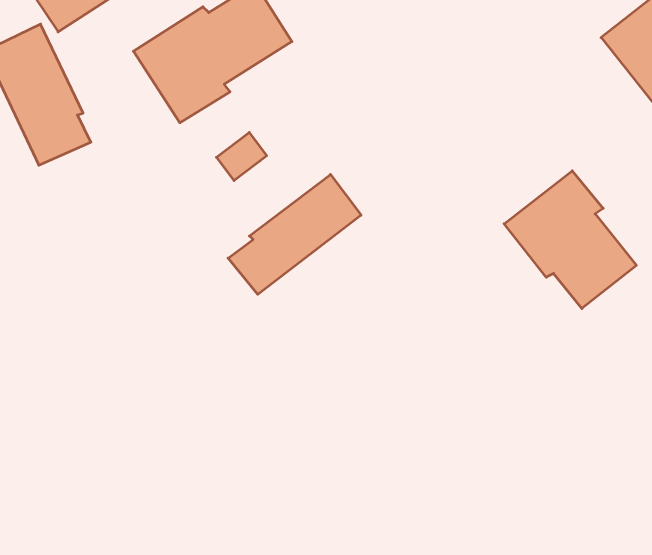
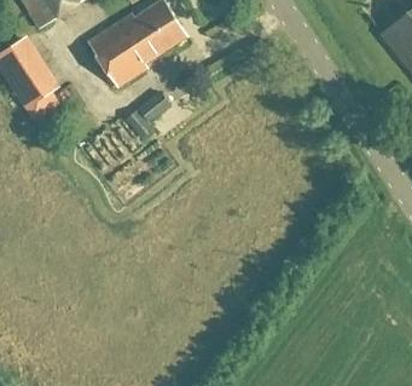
building: [504,171,636,309] -> none
building: [228,174,361,294] -> none

